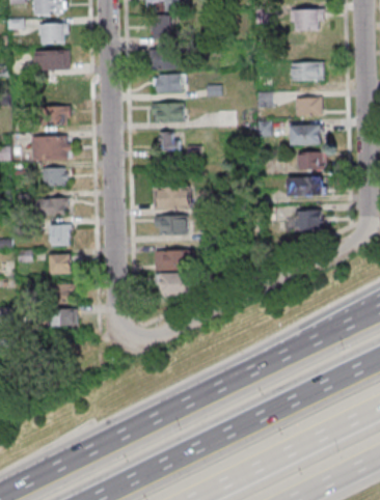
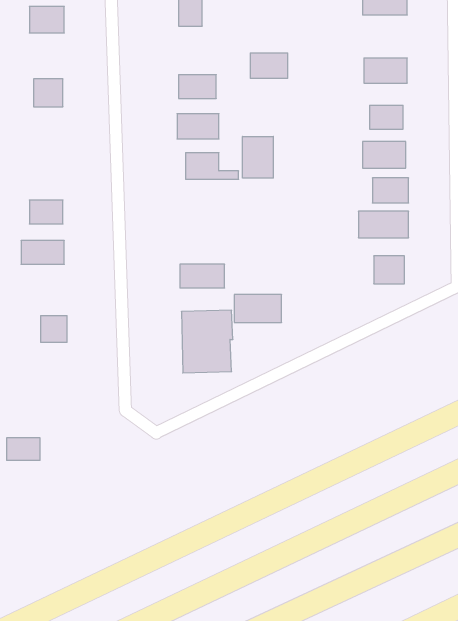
building: [34,51,66,70] -> none
building: [153,51,181,70] -> [250,53,288,78]
building: [42,107,70,126] -> none
building: none -> [243,136,273,178]
building: [31,136,70,161] -> none
building: [154,188,189,209] -> [234,295,282,322]
building: [50,225,70,247] -> none
building: [53,284,76,303] -> none
building: [52,309,77,326] -> [7,438,40,460]

